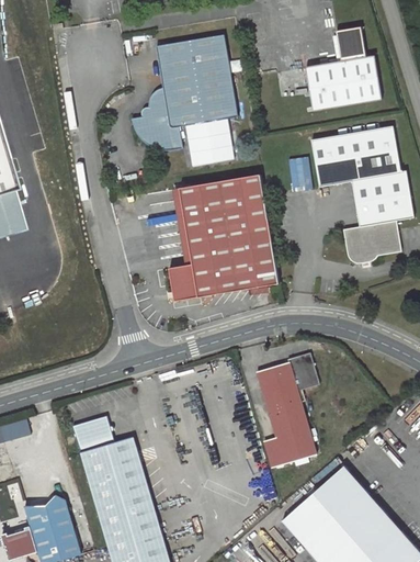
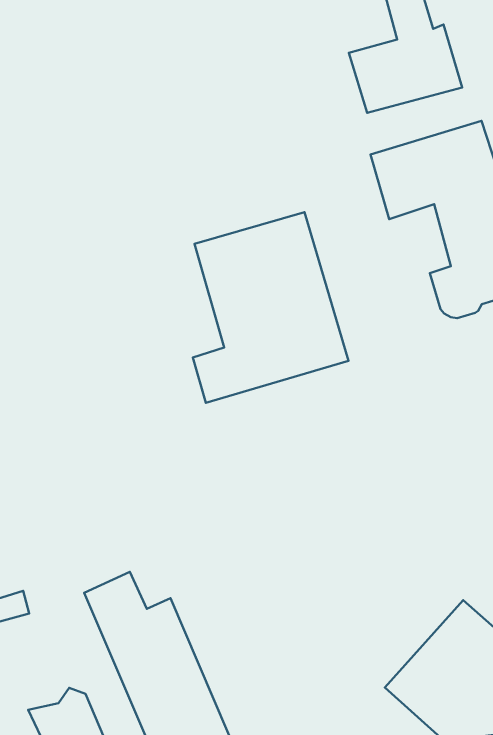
building: [132,34,238,150] -> none
building: [190,134,222,165] -> none
building: [258,352,320,468] -> none

